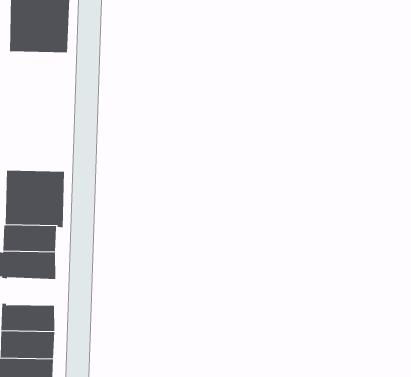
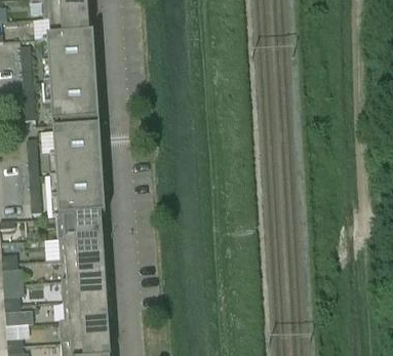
building: none -> [49,76,99,123]
building: none -> [52,126,102,172]
building: none -> [65,254,104,278]

